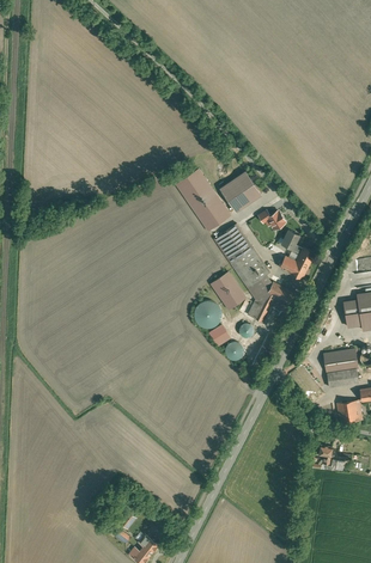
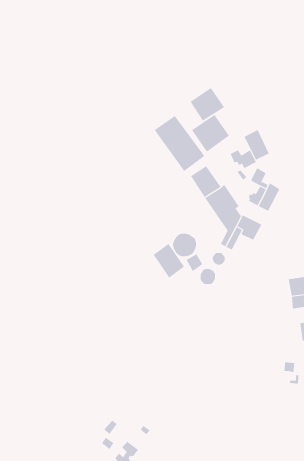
building: none -> [190,87,225,122]
building: none -> [244,129,269,160]
building: [209,273,245,312] -> [153,243,185,278]

